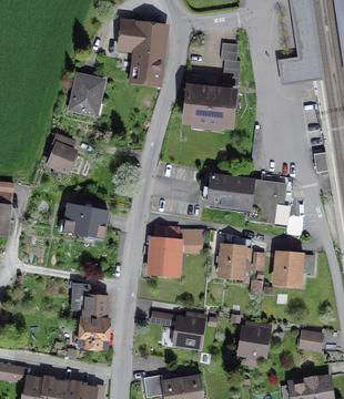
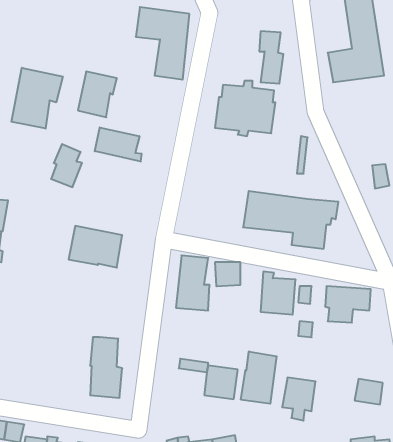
building: none -> [11,68,63,129]
building: none -> [95,127,142,162]
building: none -> [241,351,277,404]

